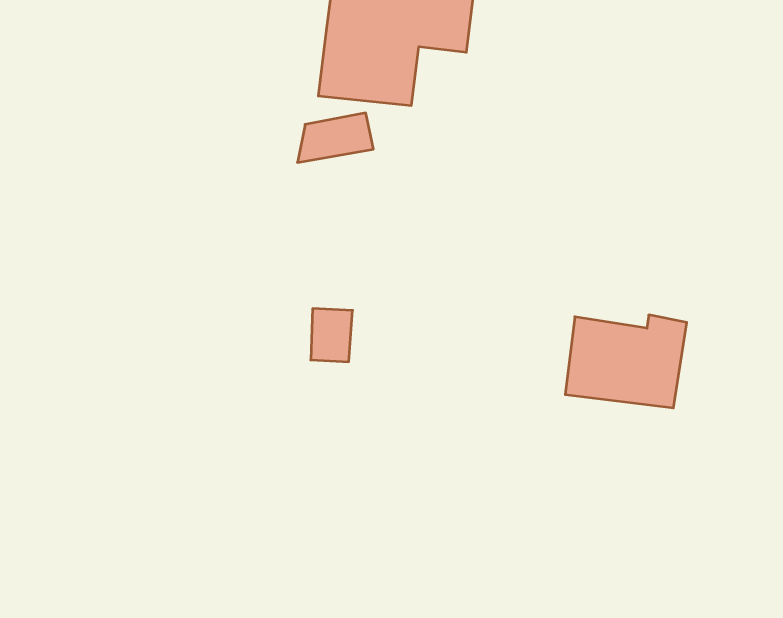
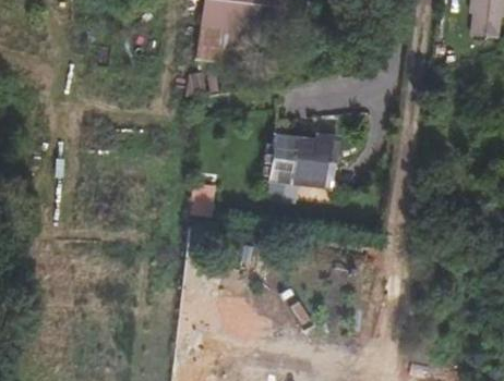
building: [565,315,687,408] -> [267,133,337,186]

